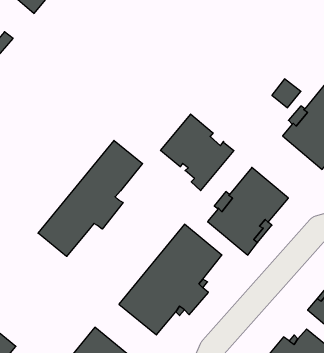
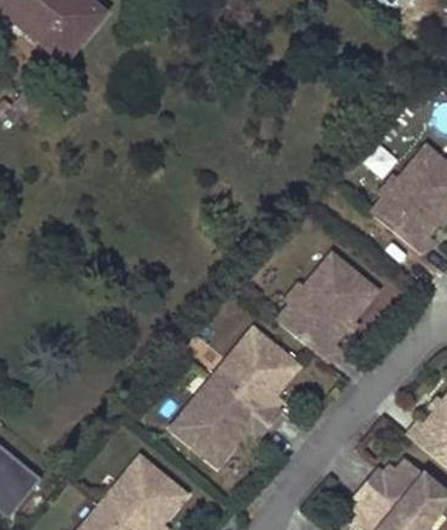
building: [161,114,234,191] -> none
building: [38,140,143,256] -> none

